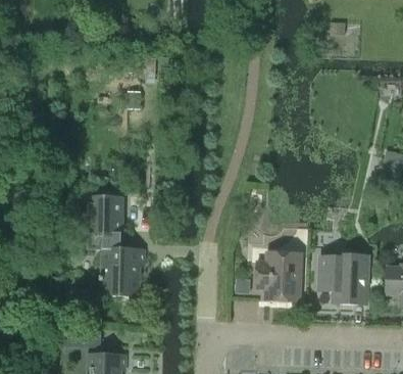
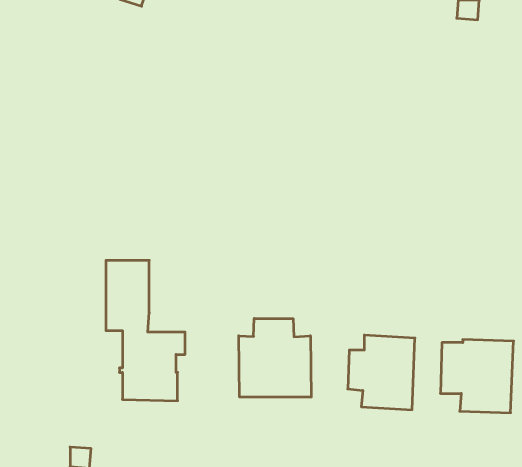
building: none -> [239,318,311,397]

